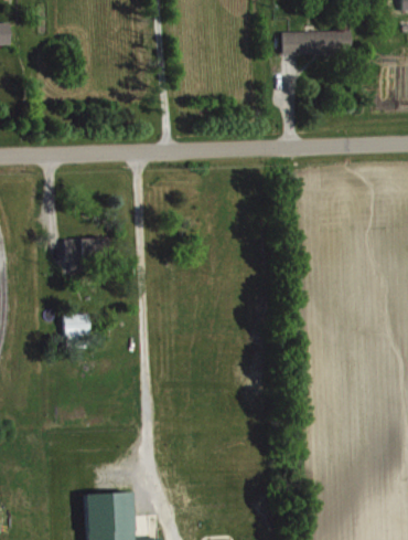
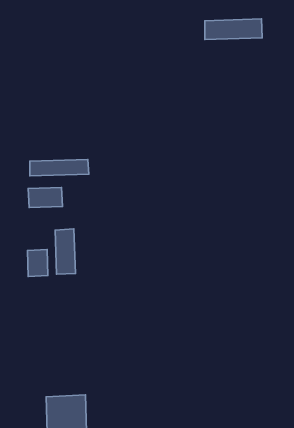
building: none -> [30,160,89,176]
building: none -> [55,229,76,274]

